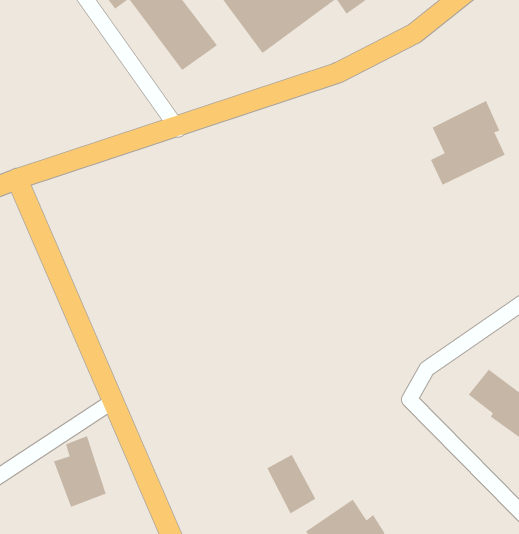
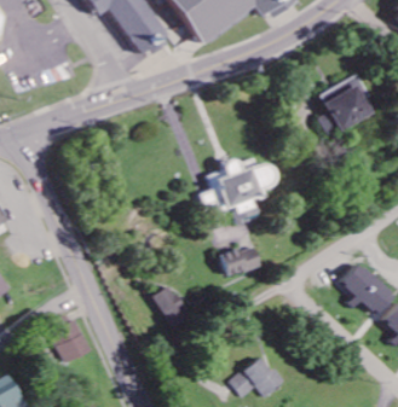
building: none -> [201,157,276,225]
building: none -> [220,246,261,278]
building: [266,454,316,514] -> [155,286,190,328]

